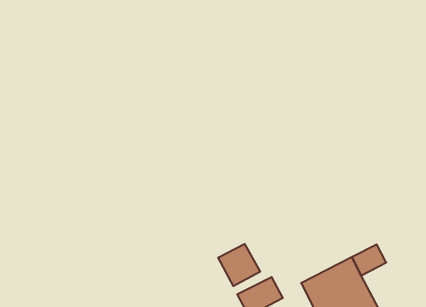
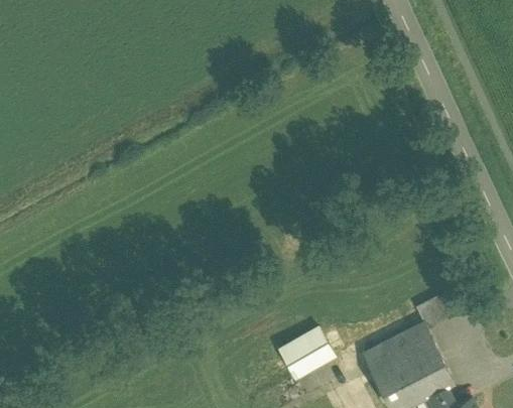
building: [218,244,260,286] -> none

